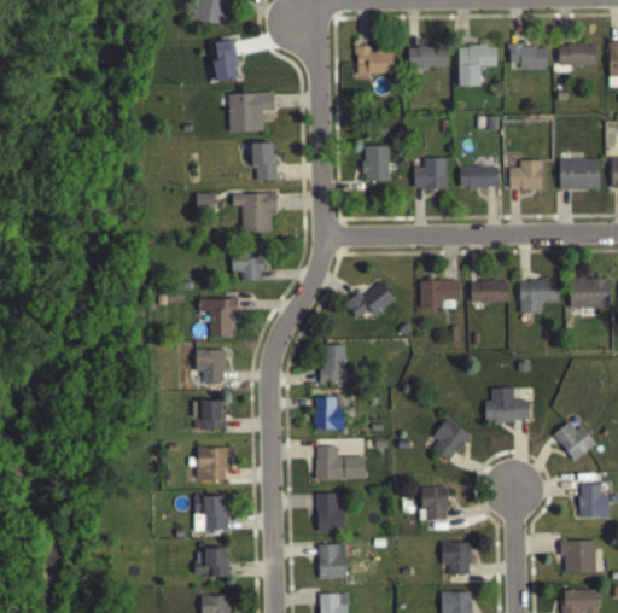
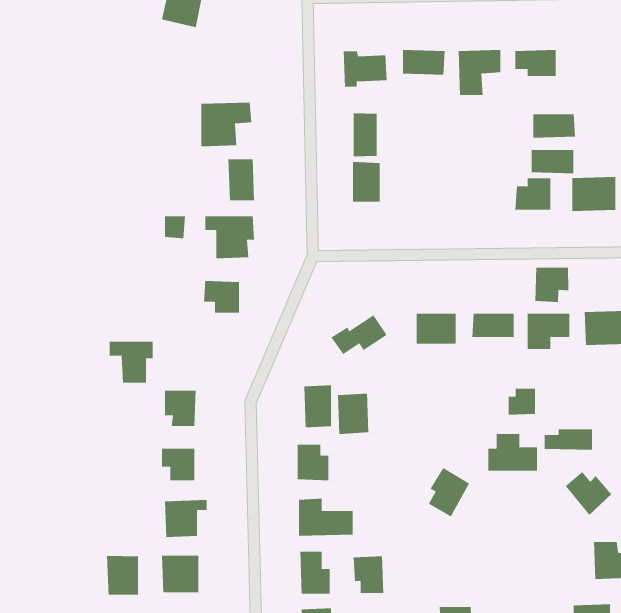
building: [214,39,240,81] -> none
building: [559,43,597,65] -> [533,114,576,138]
building: none -> [353,112,377,157]
building: [414,157,448,188] -> none
building: [460,167,499,188] -> [531,149,574,174]
building: none -> [535,267,569,303]
building: [199,298,239,335] -> [109,341,153,383]
building: none -> [508,388,536,415]
building: none -> [337,393,369,435]
building: none -> [544,429,593,451]
building: [421,486,449,520] -> [353,556,384,594]
building: none -> [107,555,139,596]

